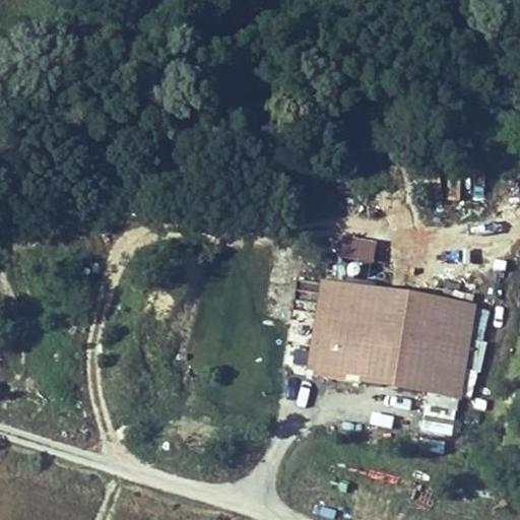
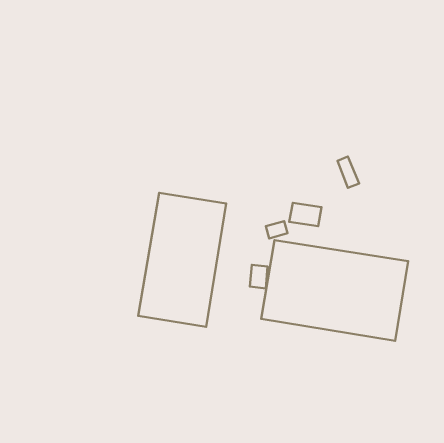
building: none -> [138,193,226,327]

